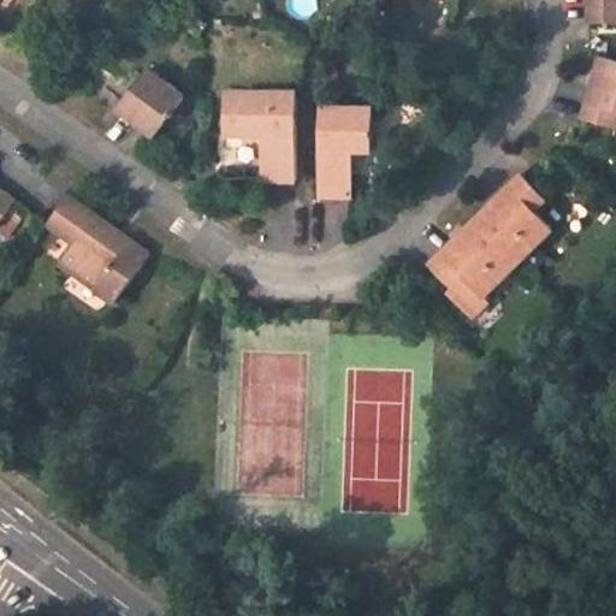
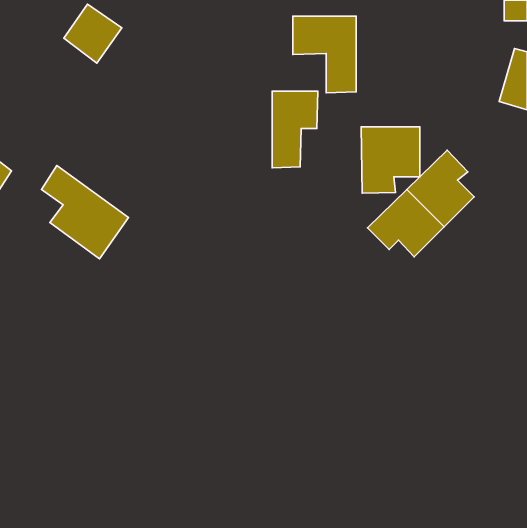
building: [116,67,183,136] -> [64,4,122,63]
building: [219,91,292,180] -> [293,16,356,93]
building: none -> [361,127,420,193]

